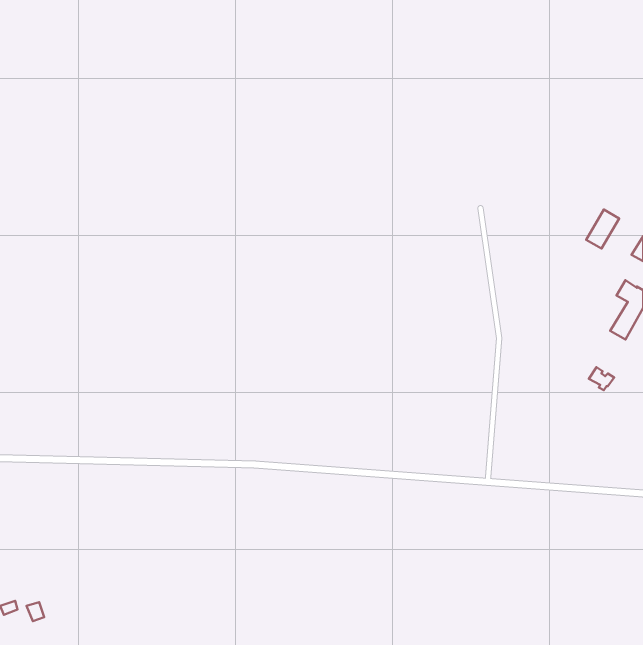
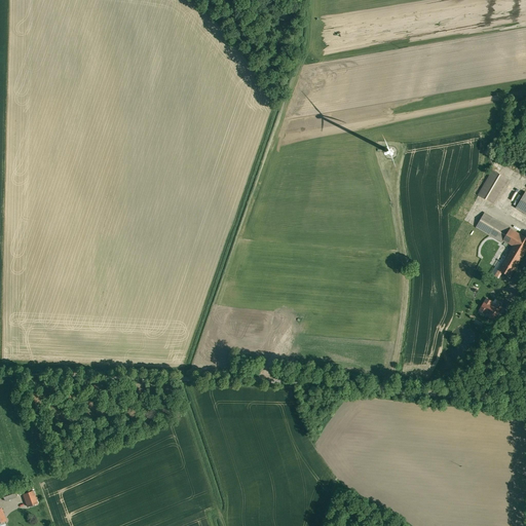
building: none -> [476,213,510,242]

